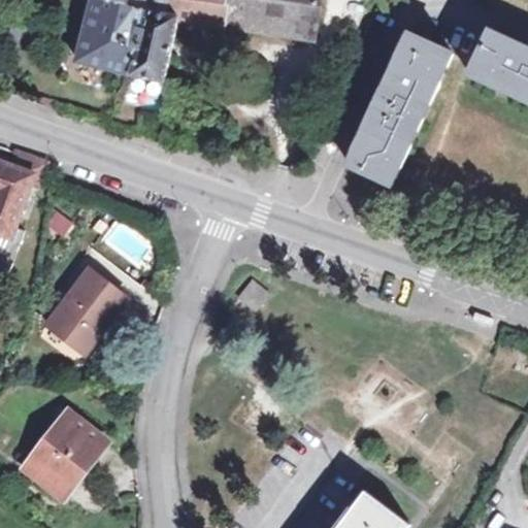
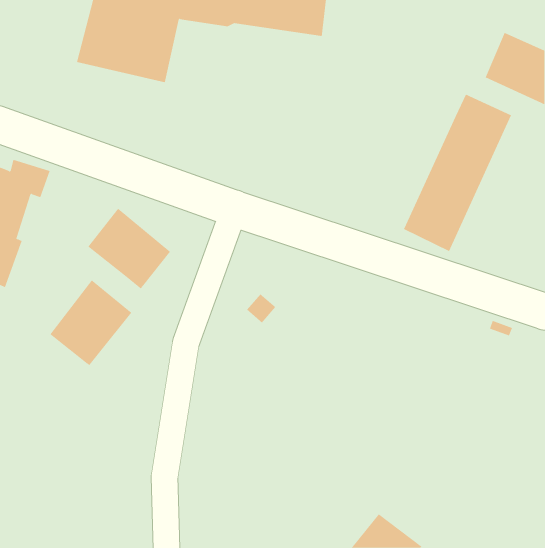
building: [344,33,449,185] -> [403,94,512,252]
building: none -> [88,208,171,290]
building: [25,410,106,497] -> none

